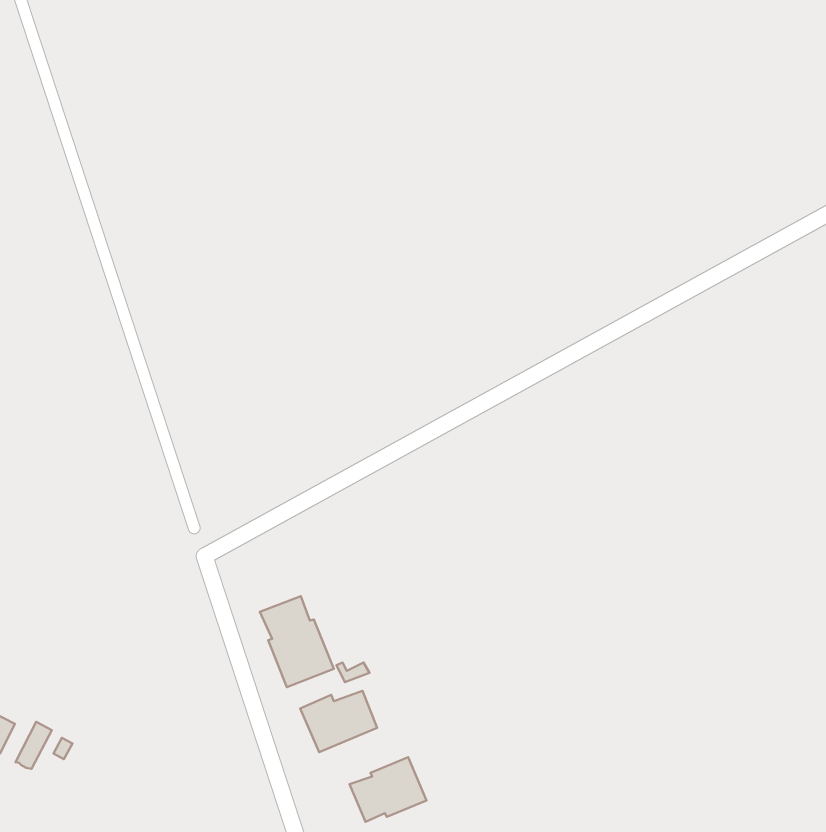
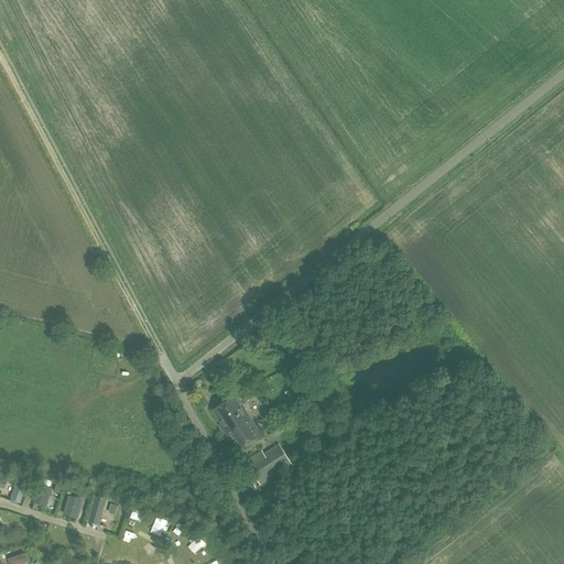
building: [350,757,426,822] -> none

